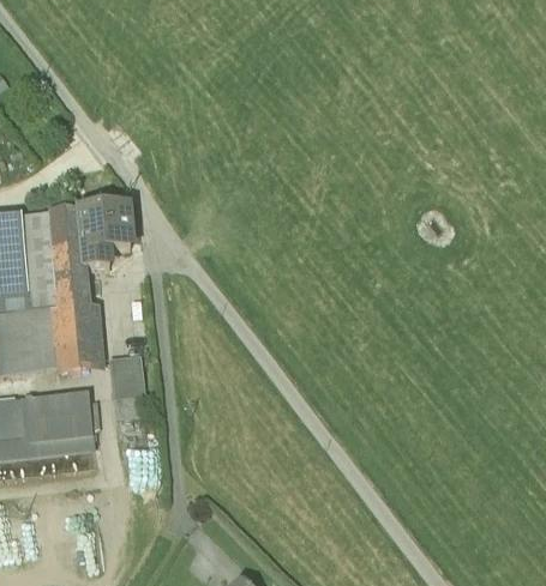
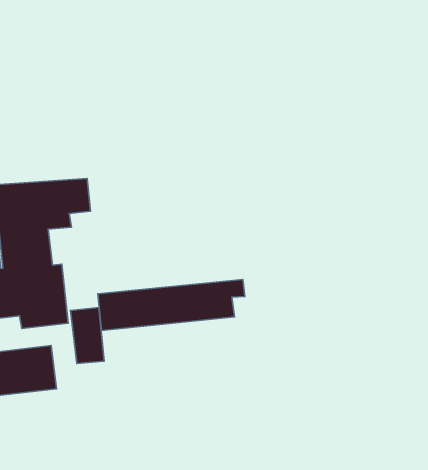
building: none -> [98,279,245,331]

